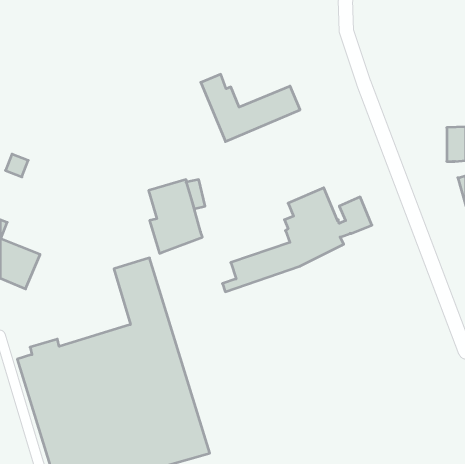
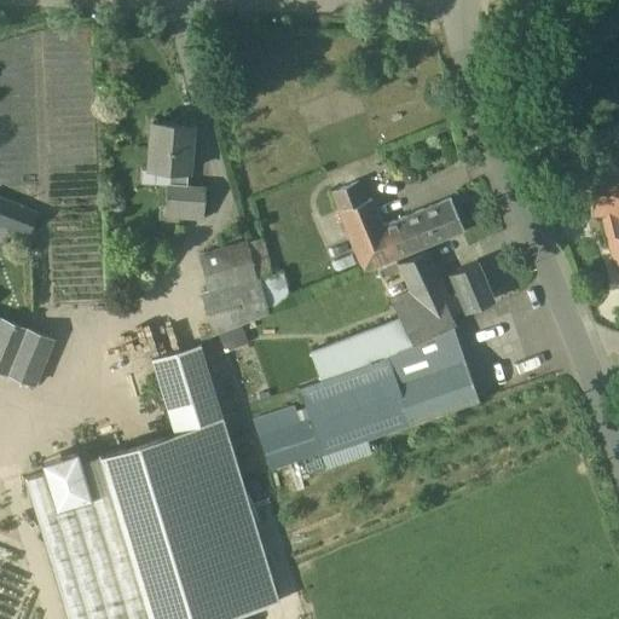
building: [201,74,300,142] -> [334,185,465,274]
building: none -> [150,123,206,220]
building: none -> [255,328,480,487]

